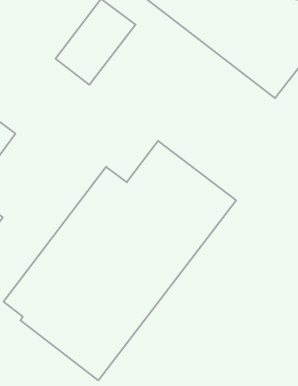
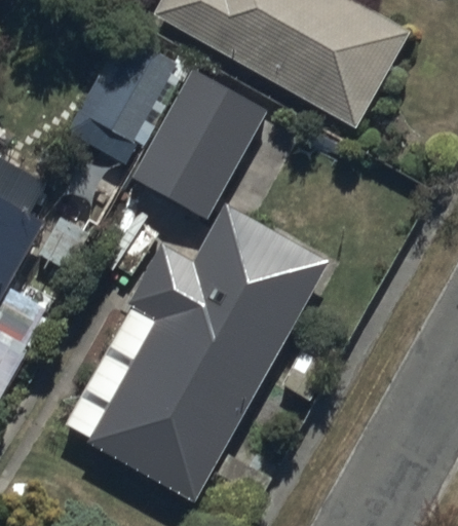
building: none -> [127,74,264,224]

